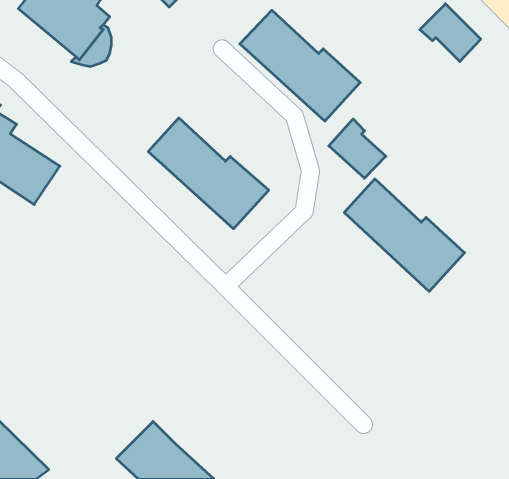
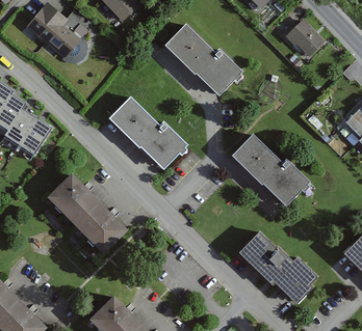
building: [329,119,386,178] -> none
building: none -> [45,169,126,249]
building: none -> [243,233,321,305]

